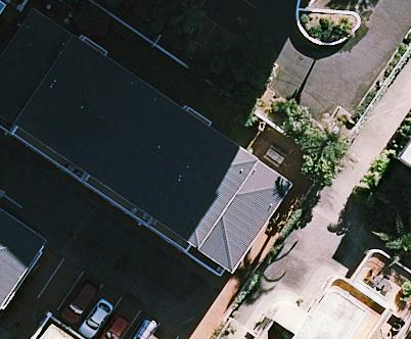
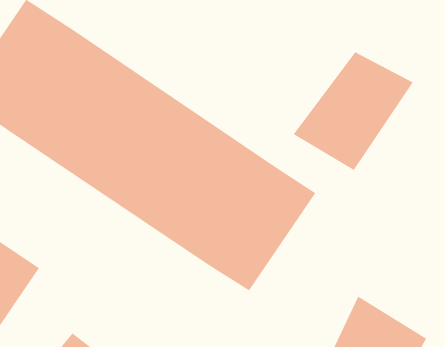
building: none -> [293,52,413,171]

